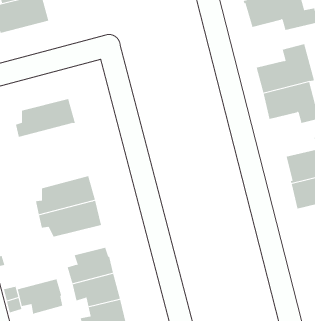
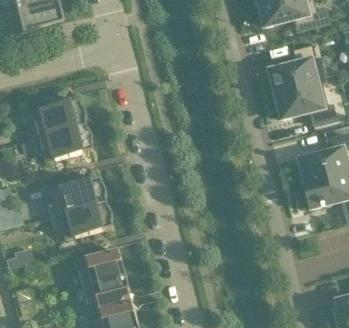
building: none -> [29,124,93,161]
building: [17,278,63,314] -> none

